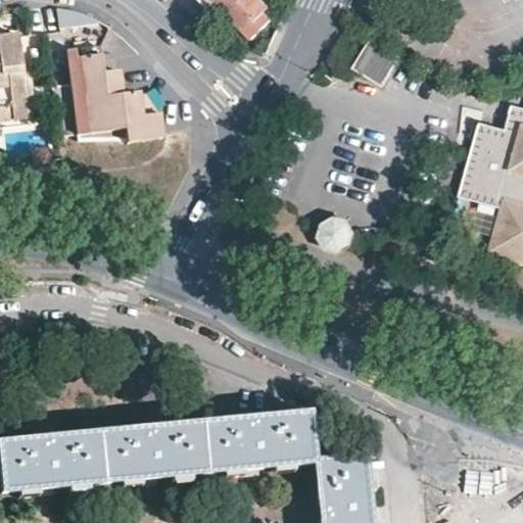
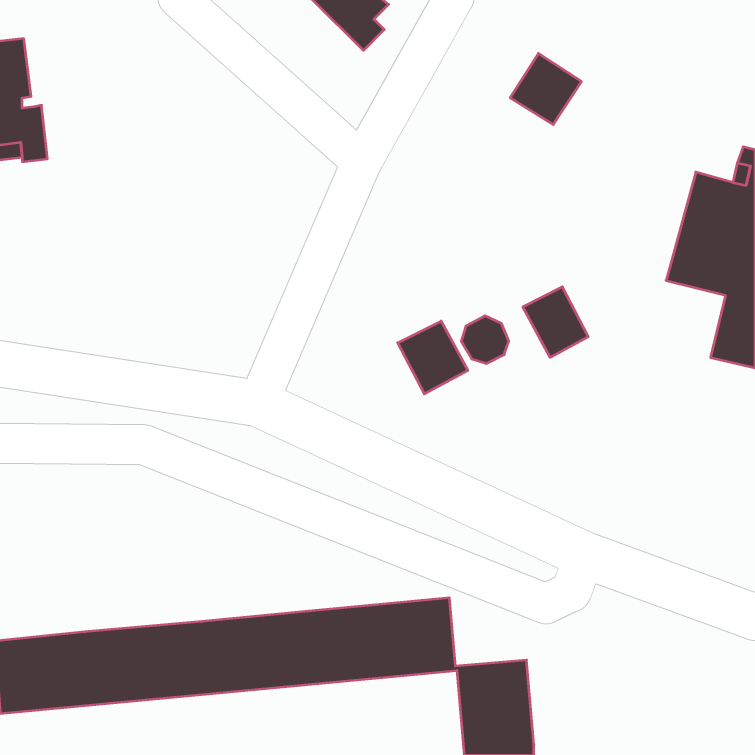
building: [67,47,161,133] -> none
building: none -> [523,287,588,357]
building: none -> [398,321,468,394]

